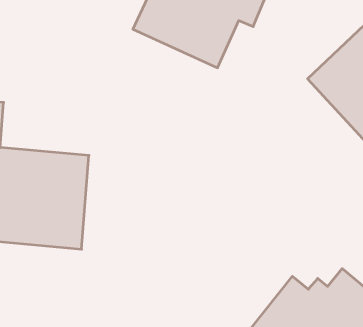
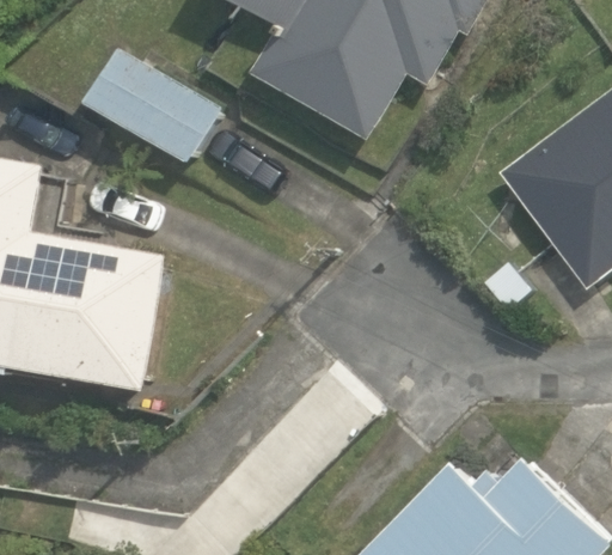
building: none -> [84,47,221,163]

